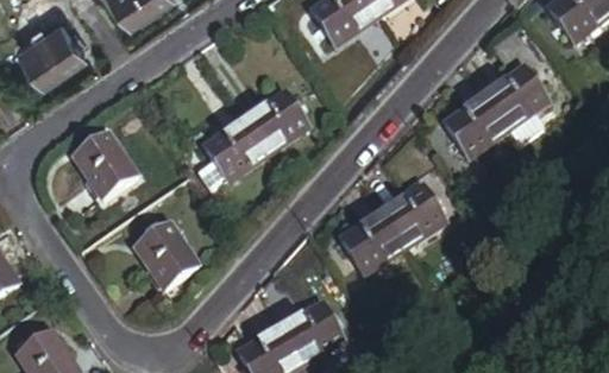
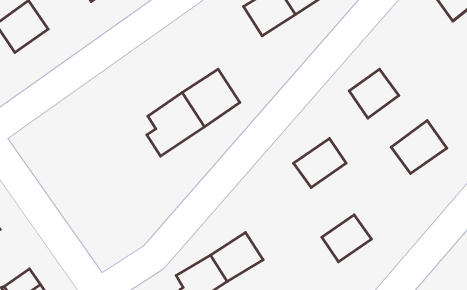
building: [483,65,551,129] -> [391,121,447,173]
building: [77,143,138,207] -> none
building: [339,211,400,268] -> [322,215,372,262]
building: [126,228,190,293] -> none

